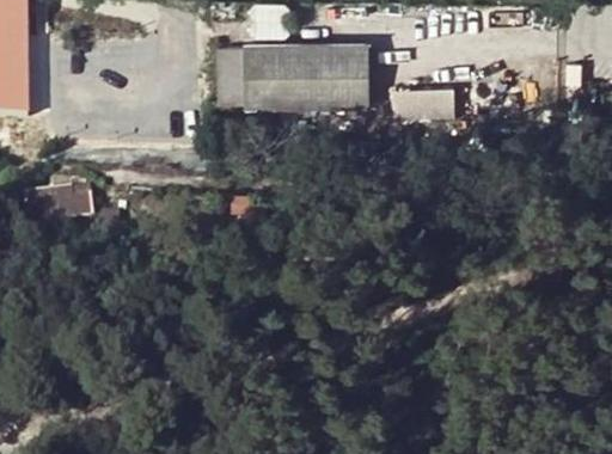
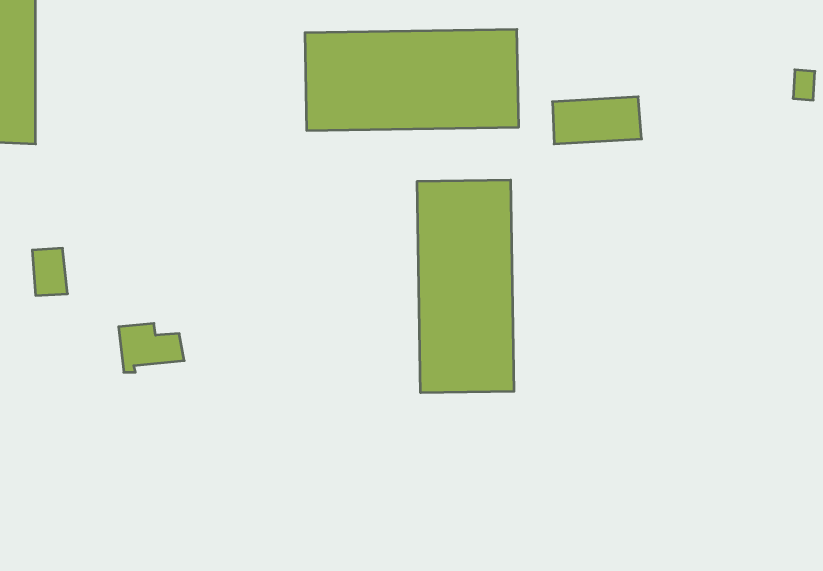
building: none -> [417,180,514,393]
building: [45,191,92,226] -> [119,323,184,372]

